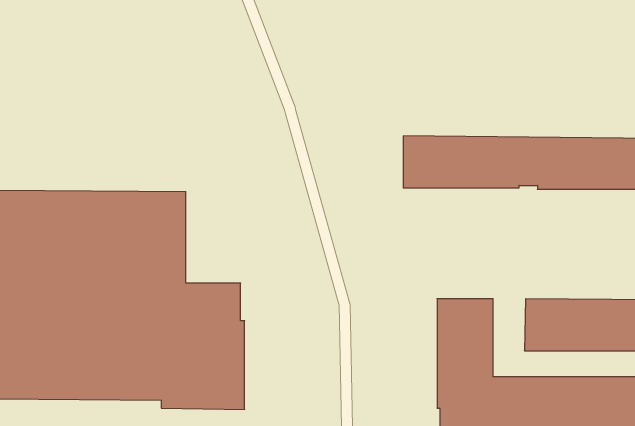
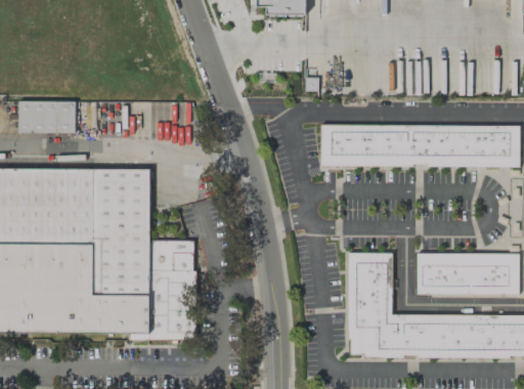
building: none -> [17,100,75,133]

